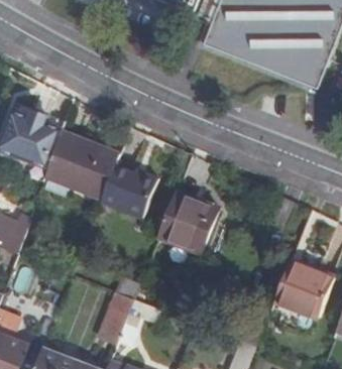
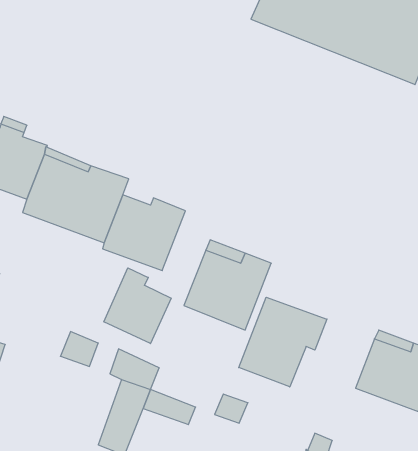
building: none -> [104,268,171,344]
building: none -> [239,297,327,387]

